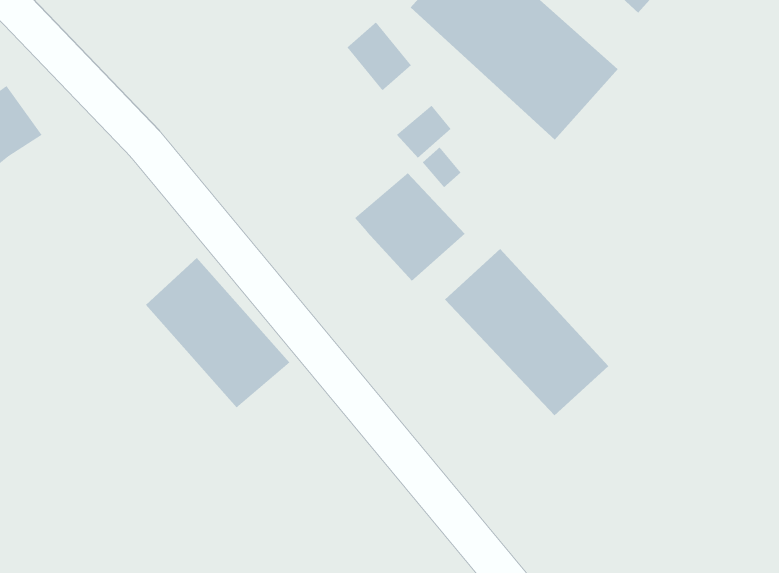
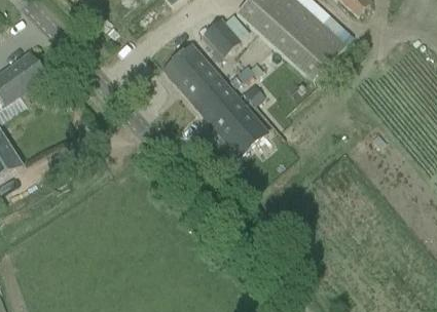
building: [444,248,609,416] -> none
building: [145,257,290,408] -> [162,42,238,120]

